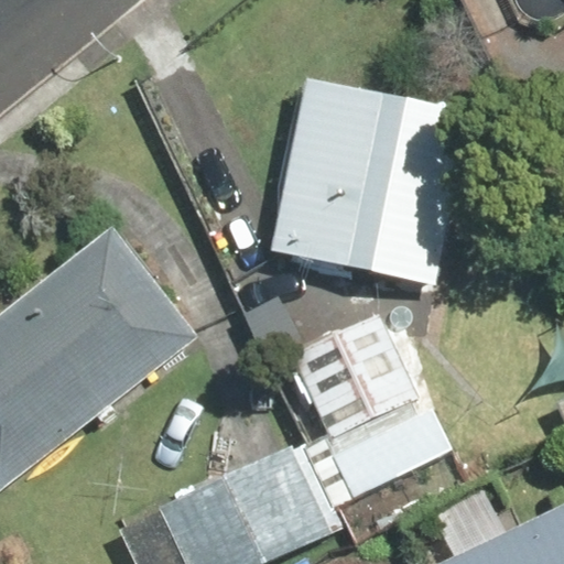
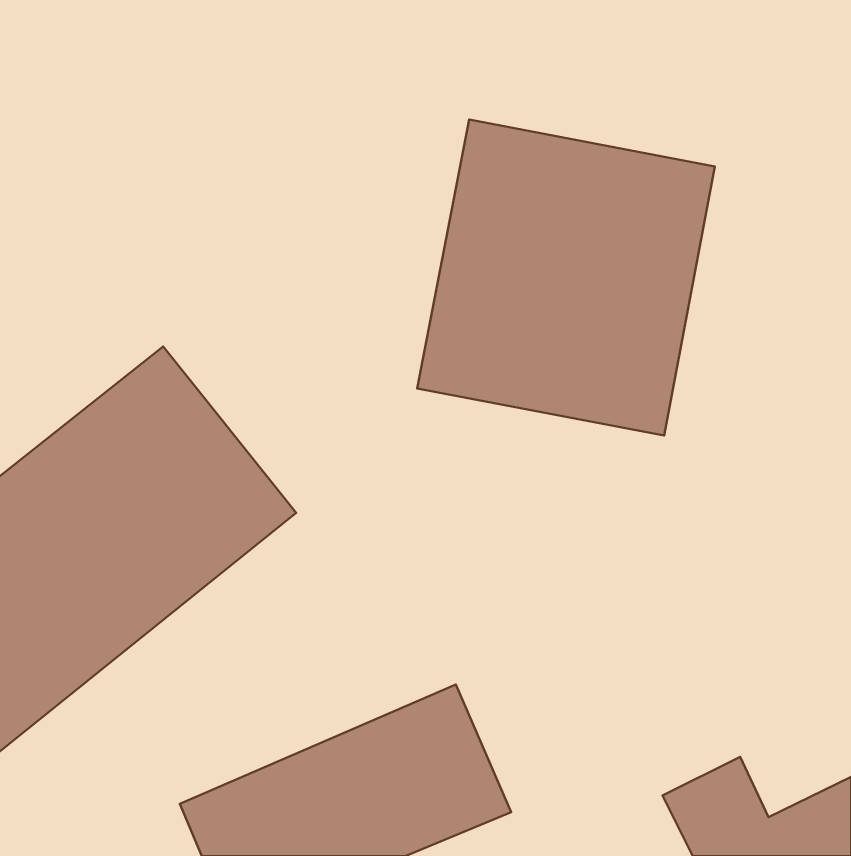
building: [293,316,447,500] -> none

